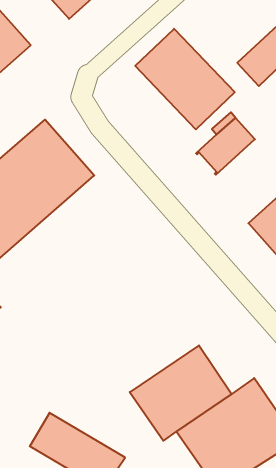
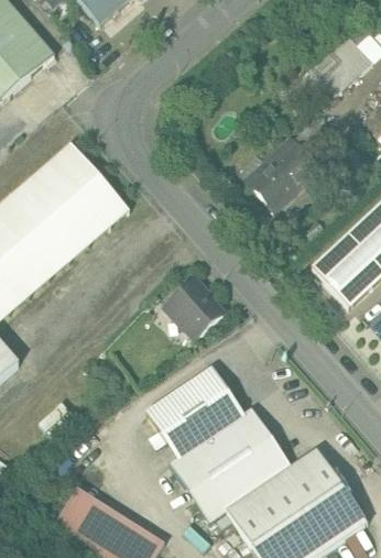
building: [135,29,235,129] -> none
building: none -> [166,278,222,336]
building: none -> [146,368,243,458]

